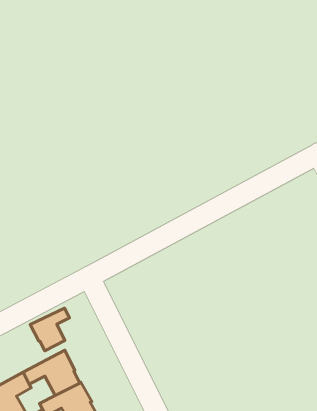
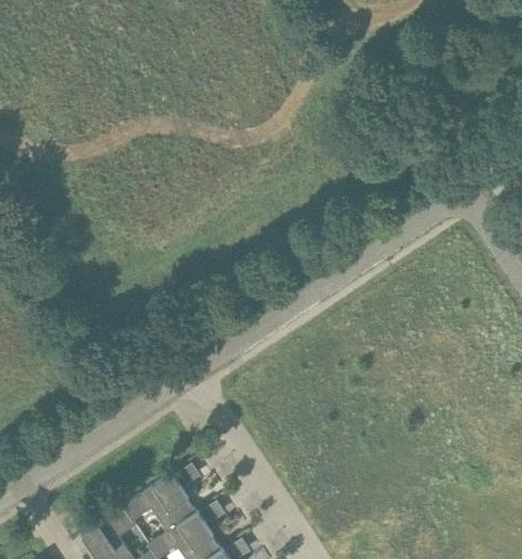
building: [30,308,70,351] -> none

